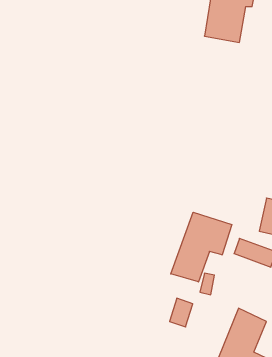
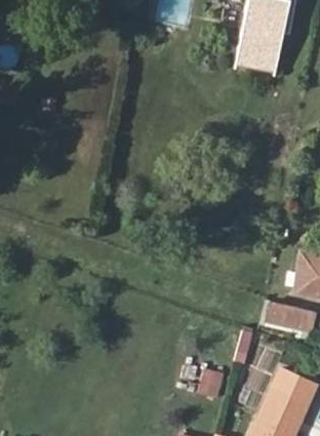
building: [171,212,232,282] -> none

